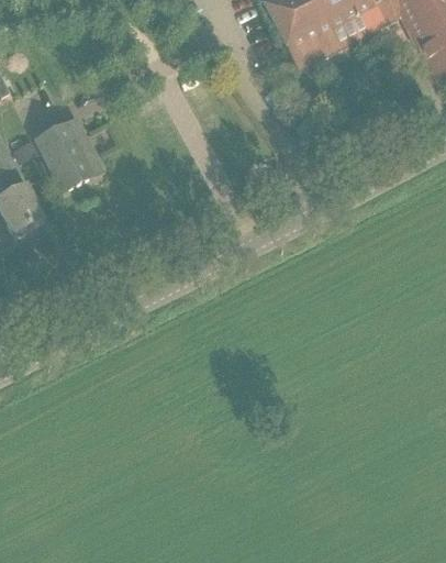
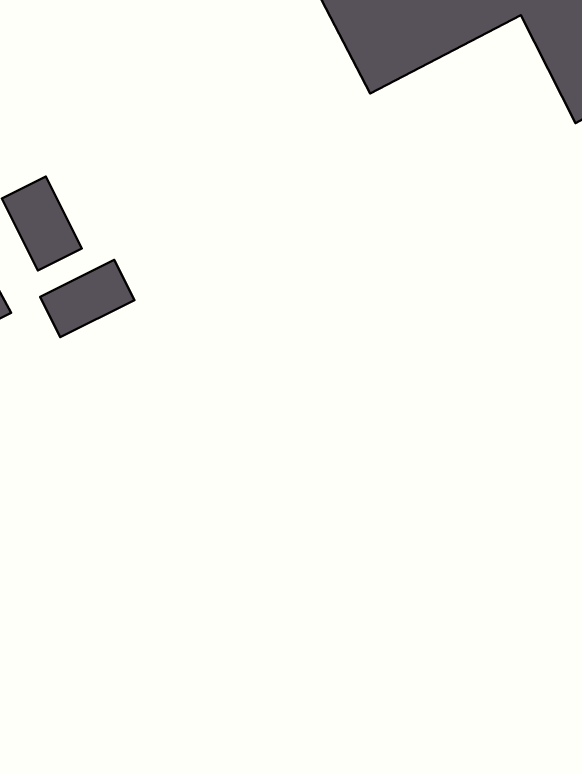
building: none -> [40,260,134,337]

